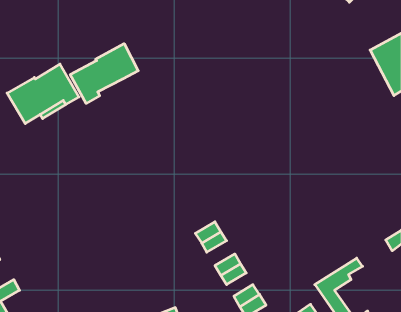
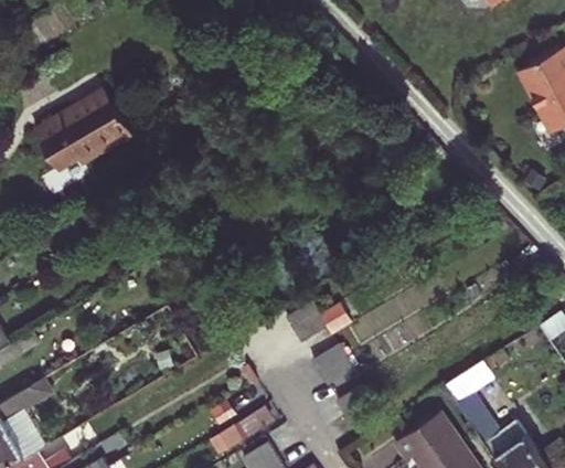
building: [70,44,138,103] -> none

